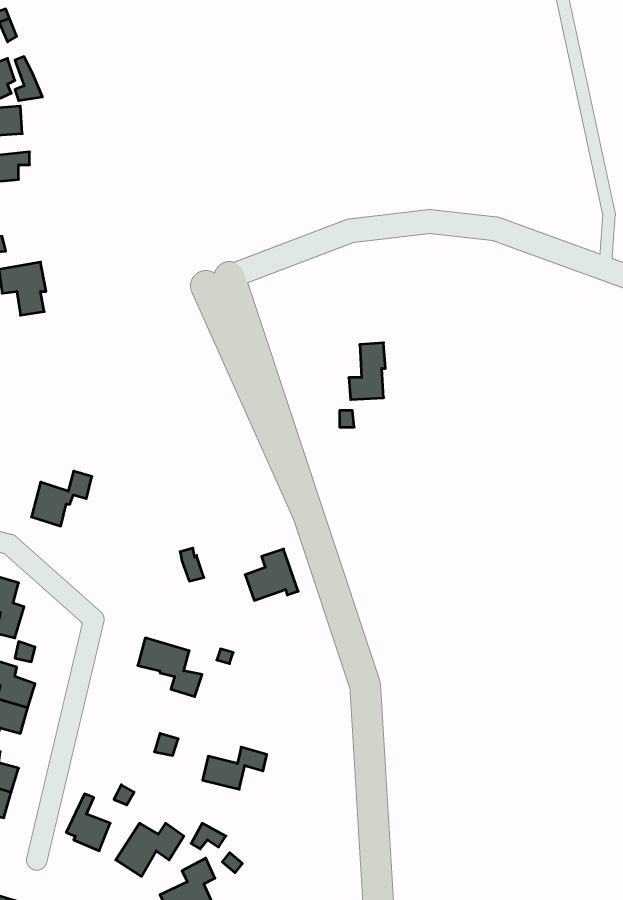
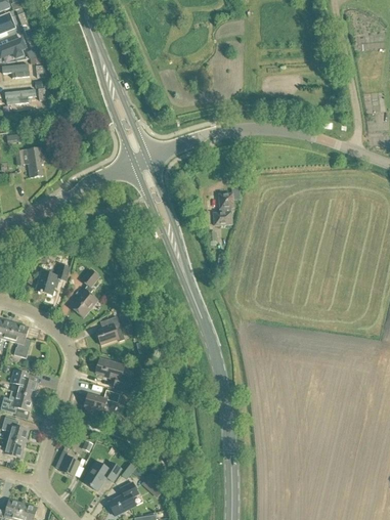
building: none -> [69,268,98,316]
building: [245,549,298,600] -> [94,315,124,344]
building: [203,747,267,789] -> [83,388,119,411]

